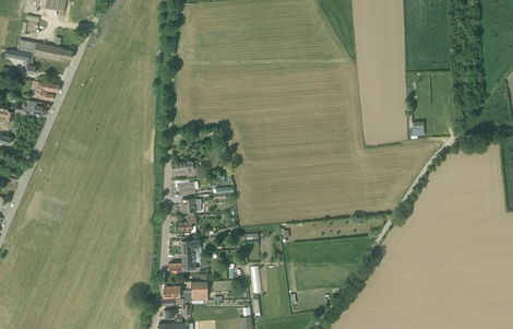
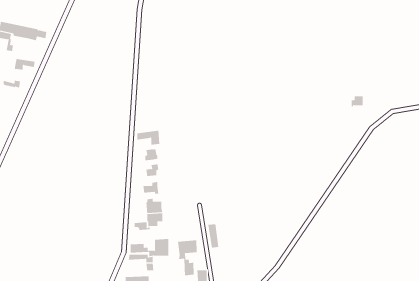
building: none -> [178,240,197,276]

